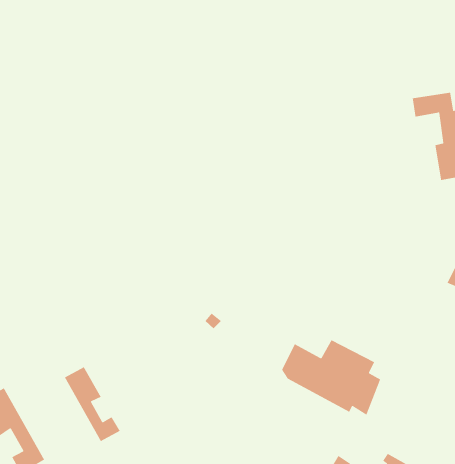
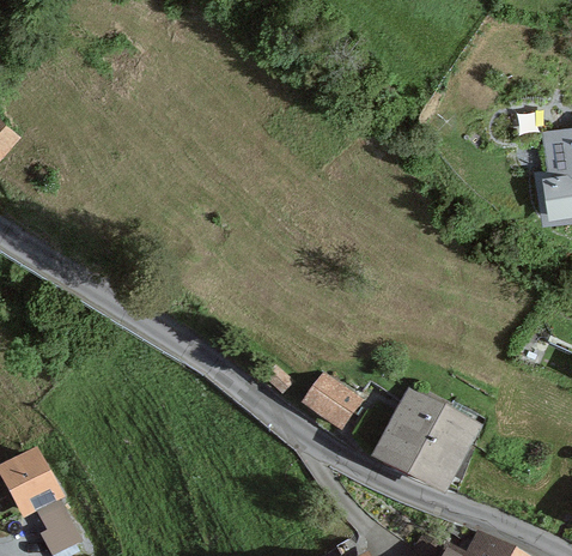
building: none -> [308,377,357,425]
building: [64,366,121,442] -> none

